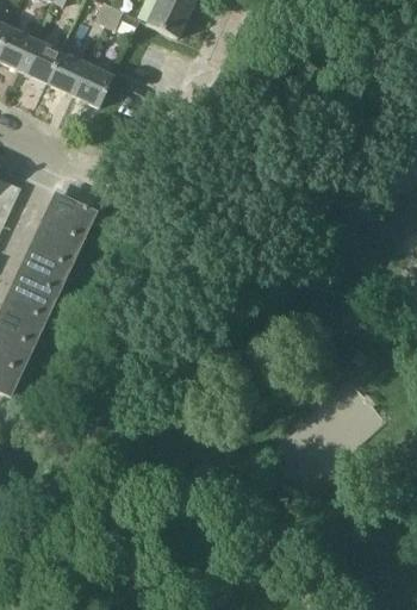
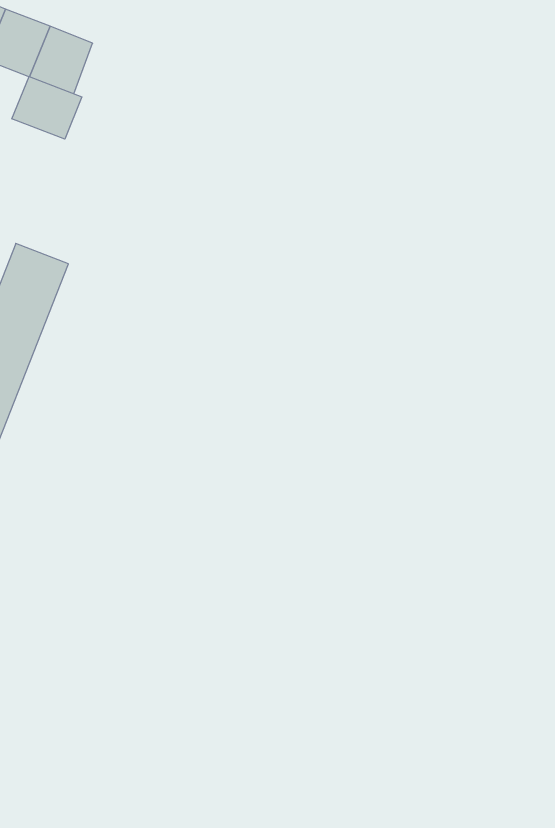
building: none -> [12,77,82,139]

